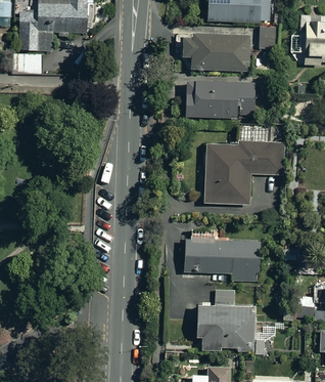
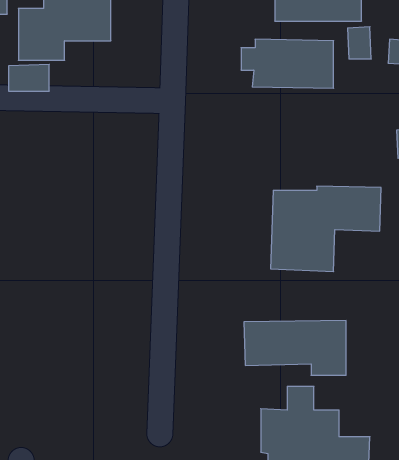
building: [185,82,254,118] -> none

